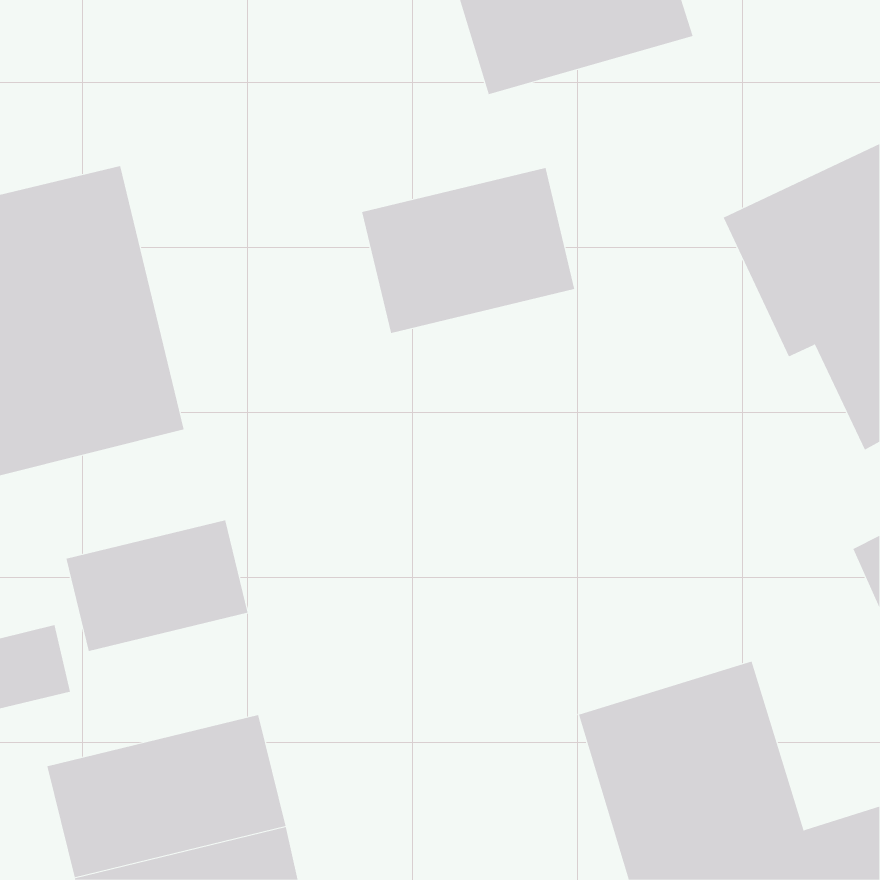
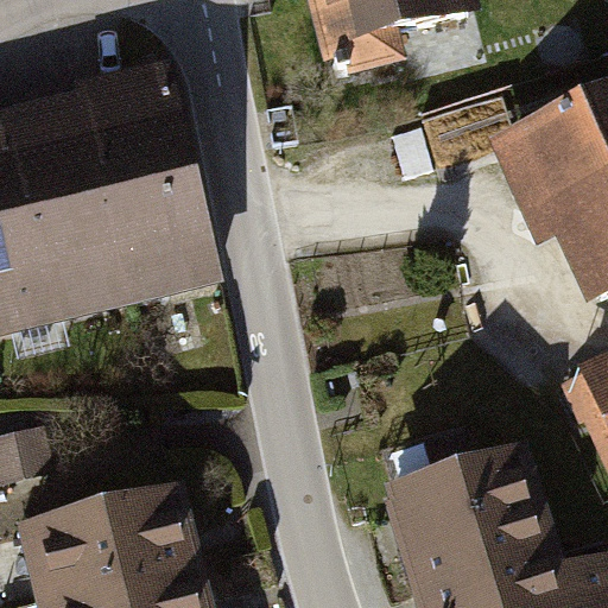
building: none -> [83,64,216,296]
building: [362,167,575,334] -> none
building: [66,519,248,652] -> none

